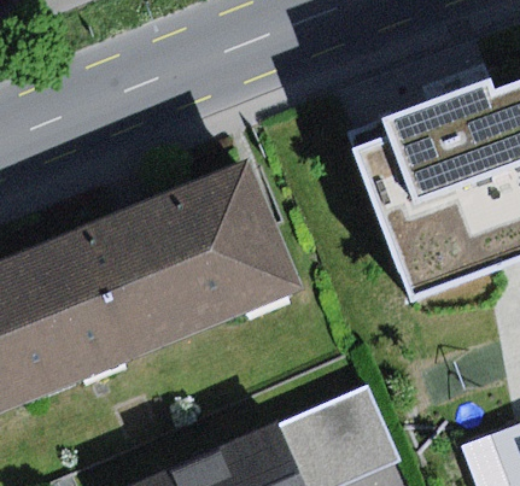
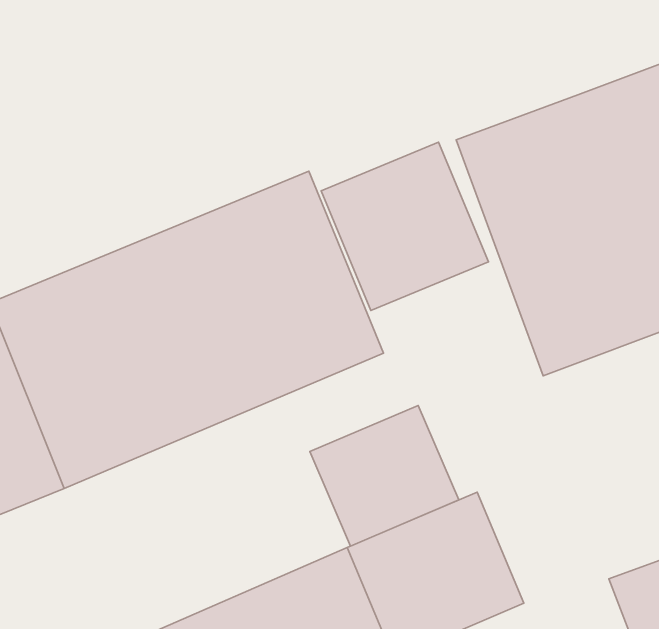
building: none -> [321,142,488,310]
building: none -> [310,405,459,546]

